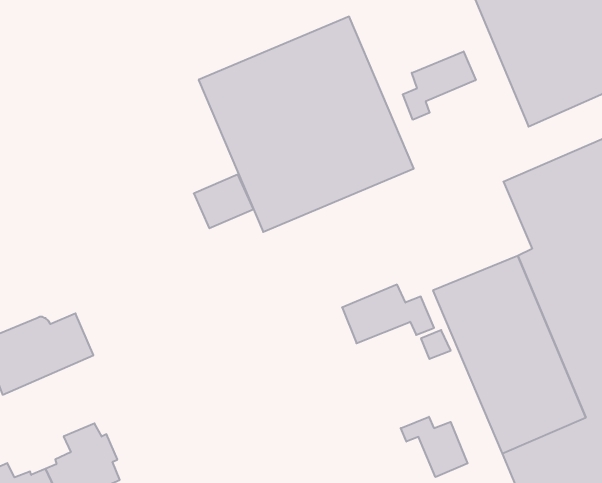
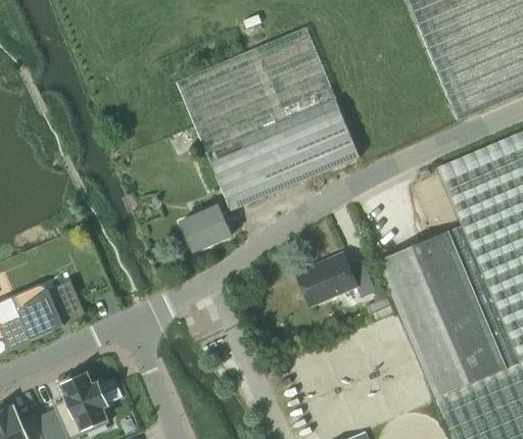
building: [403,51,476,120] -> none
building: [194,174,253,228] -> [181,206,232,252]
building: [401,417,468,477] -> none

